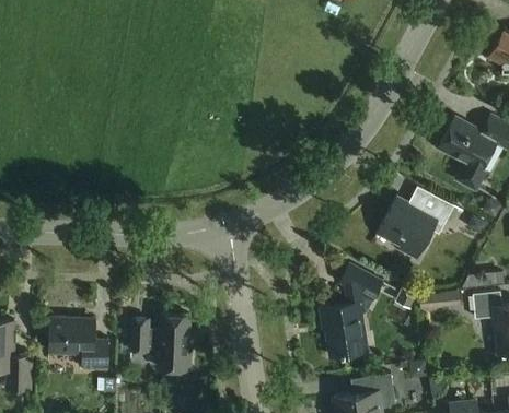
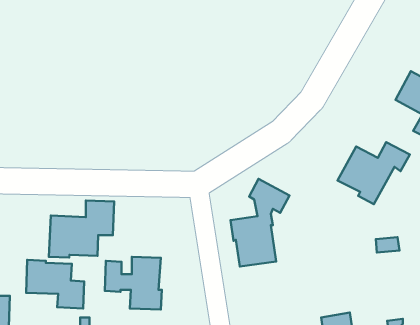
building: none -> [49,200,114,257]
building: [320,263,382,356] -> [231,179,289,267]

